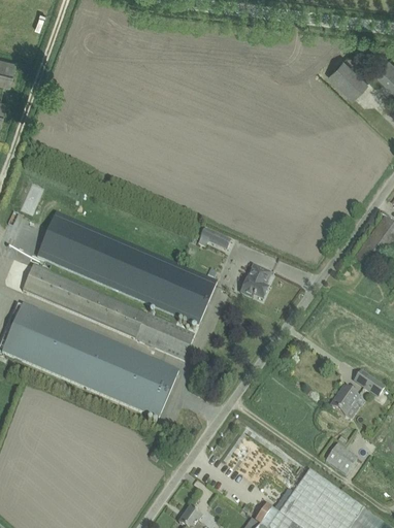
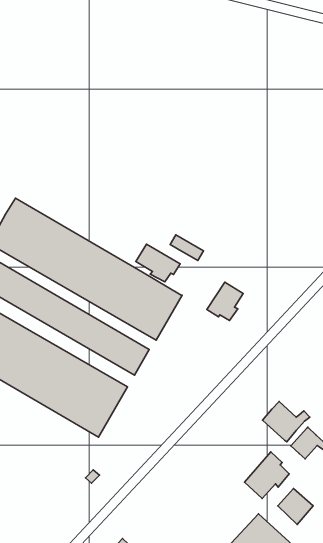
building: none -> [136,244,180,282]
building: none -> [262,401,310,442]
building: none -> [244,452,289,498]

